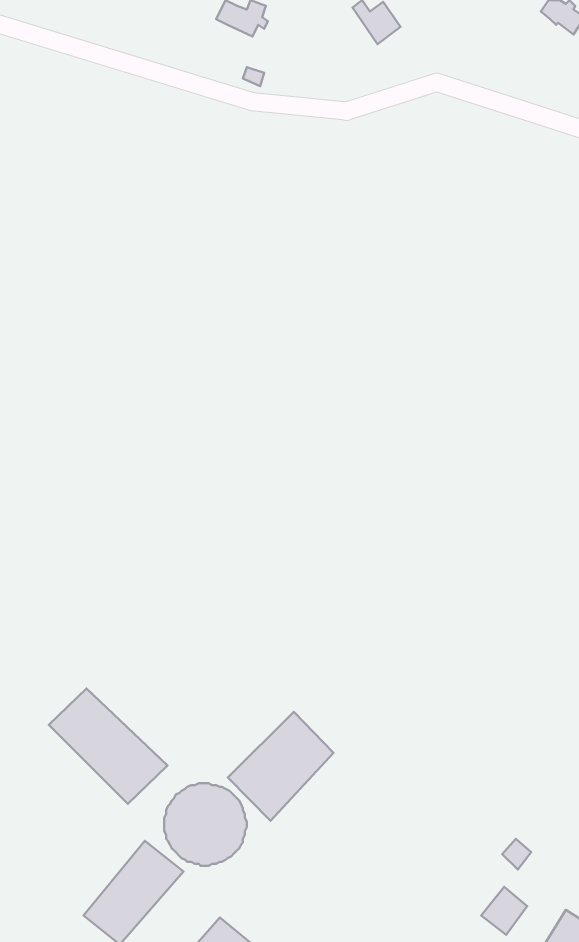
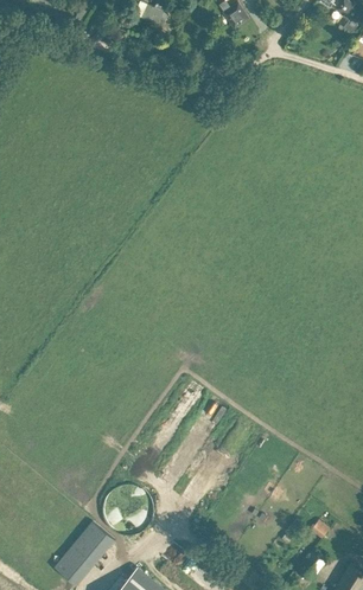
building: [49,689,168,804] -> none
building: [228,712,334,821] -> none

